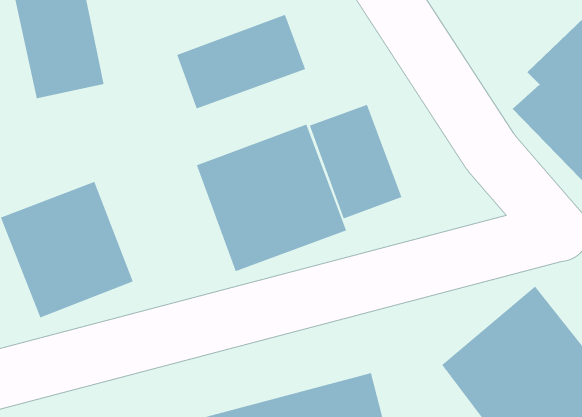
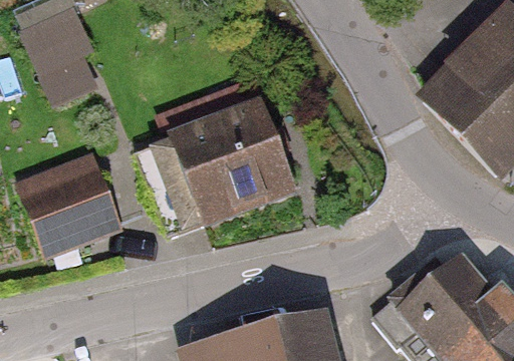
building: [176,14,306,110] -> none
building: [309,104,402,219] -> none

